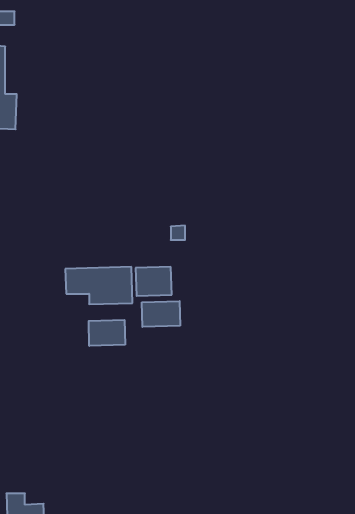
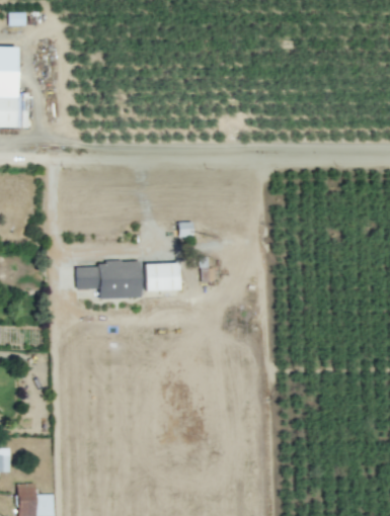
building: [142,301,180,327] -> none
building: [89,320,125,346] -> none

